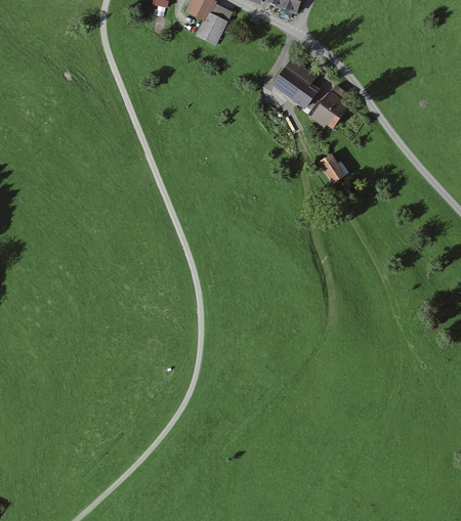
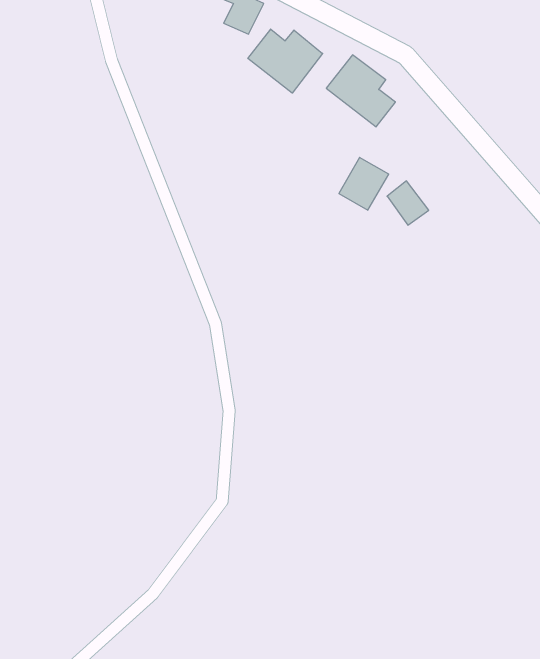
building: none -> [248,29,323,93]
building: [310,91,347,130] -> [339,157,389,210]

